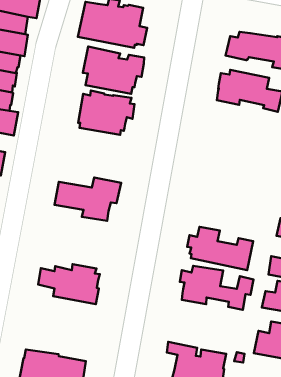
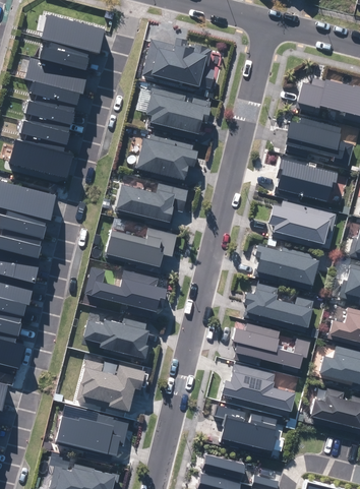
building: none -> [276,158,338,200]
building: none -> [115,180,188,225]
building: none -> [268,200,337,249]
building: none -> [254,245,320,289]
building: none -> [84,265,167,314]
building: none -> [223,363,296,415]
building: none -> [80,356,146,409]

